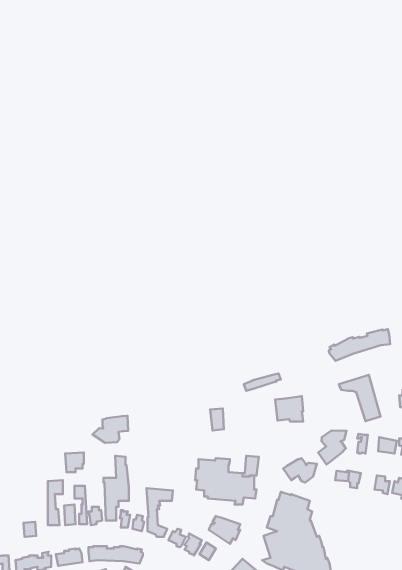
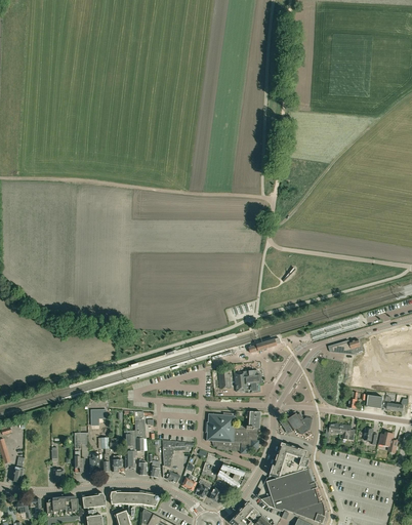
building: [329,329,390,361] -> none
building: [275,396,303,422] -> [234,370,258,393]
building: [93,416,128,443] -> none
building: [318,430,347,464] -> none

